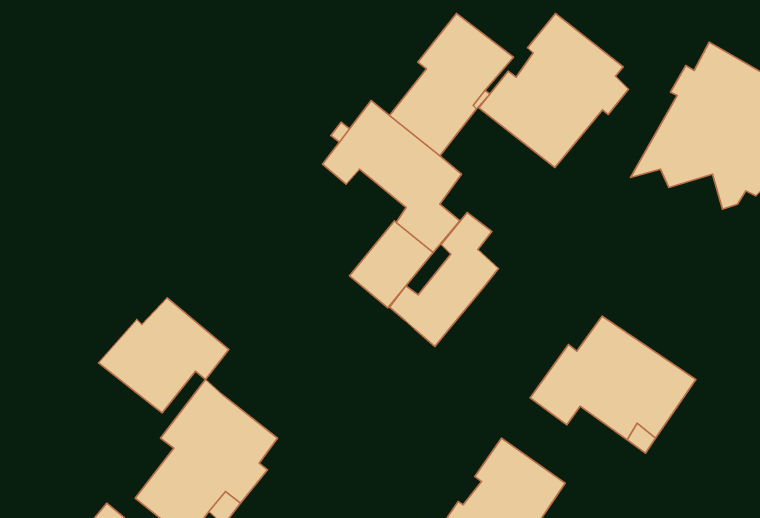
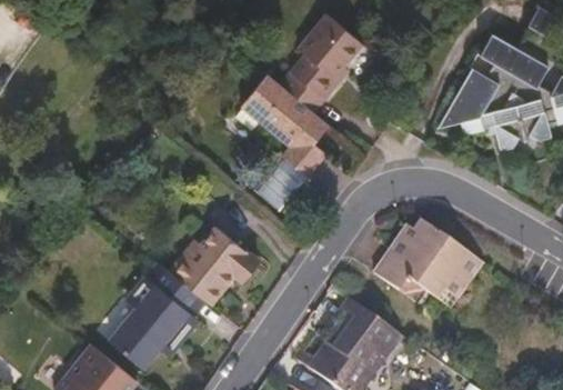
building: [479,13,629,167] -> none
building: [389,212,498,347] -> none
building: [98,298,229,413] -> [169,227,255,303]

